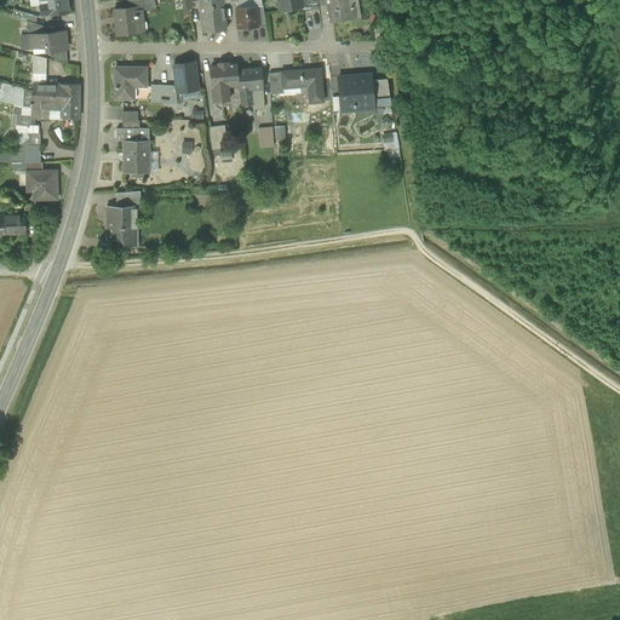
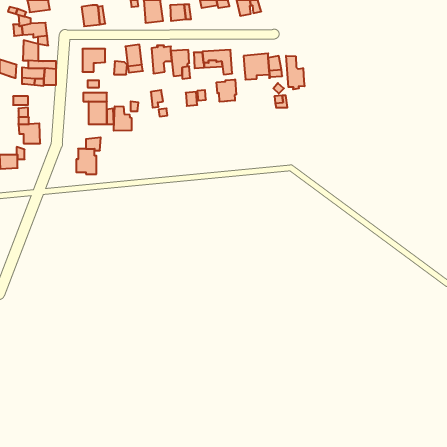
building: none -> [286,56,304,89]
building: none -> [217,79,236,102]
building: none -> [114,106,132,131]

